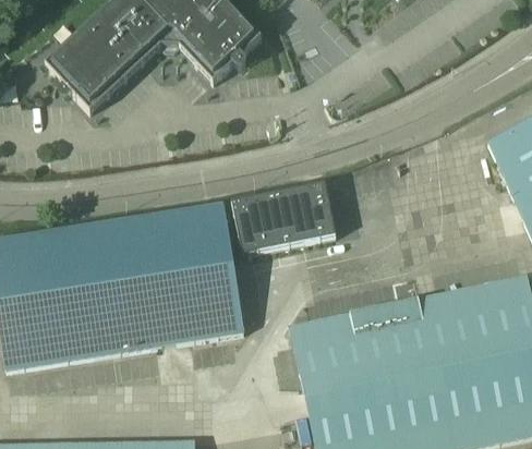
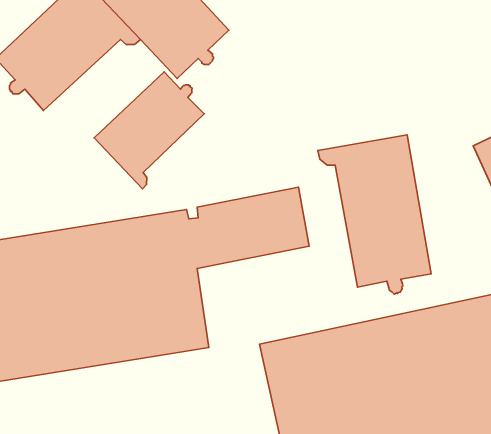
building: none -> [94,72,204,189]
building: none -> [318,135,431,294]

